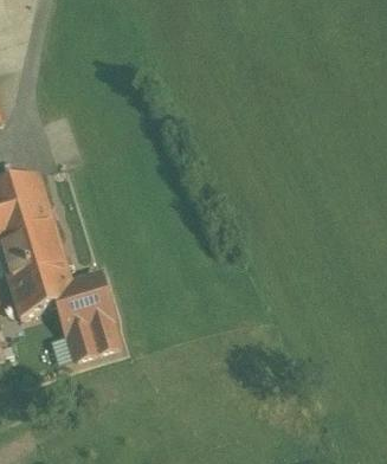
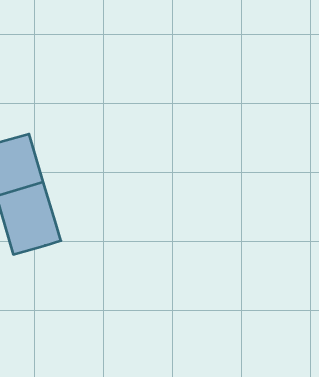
building: [58,271,118,356] -> none

